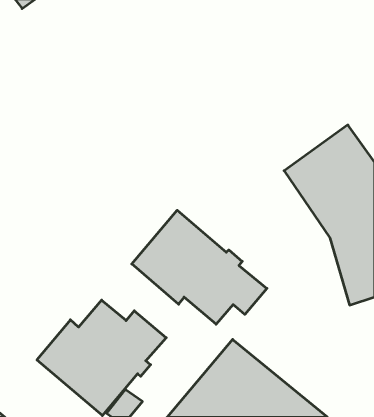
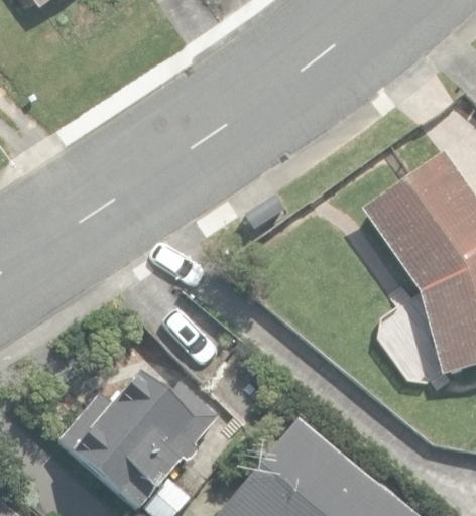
building: [132,210,267,324] -> none

